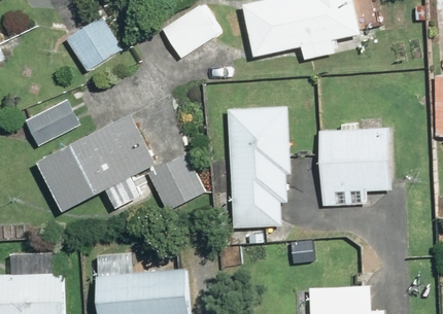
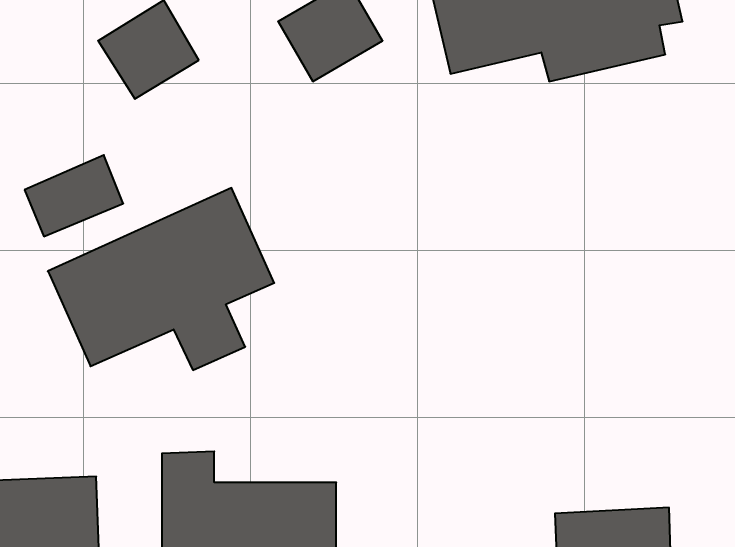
building: [225,105,293,232] -> none
building: [315,123,391,207] -> none
building: [147,158,201,209] -> none

